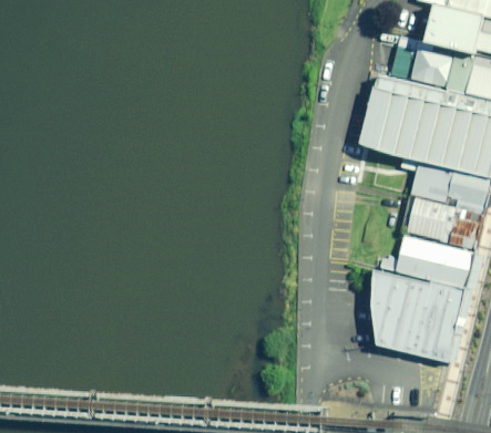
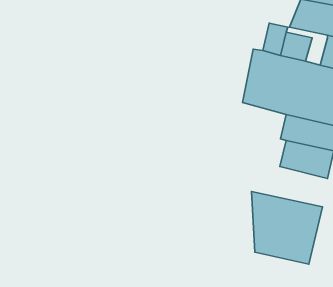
building: [443,47,473,90] -> none
building: [396,228,473,283] -> none

